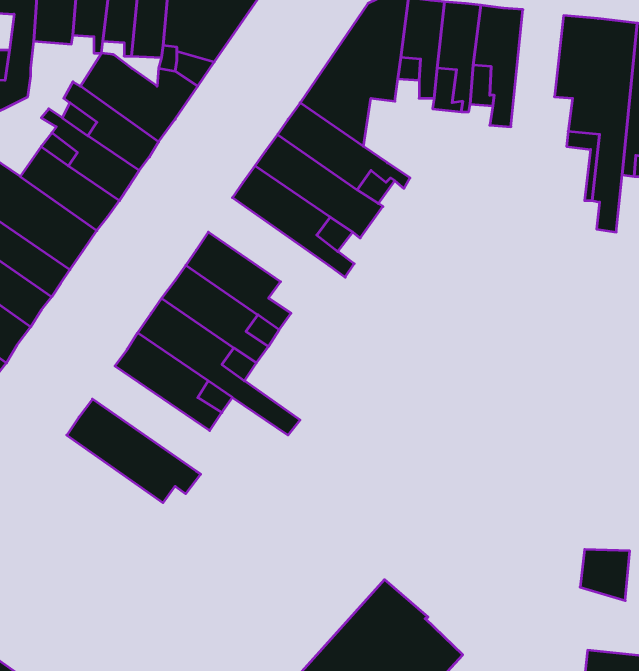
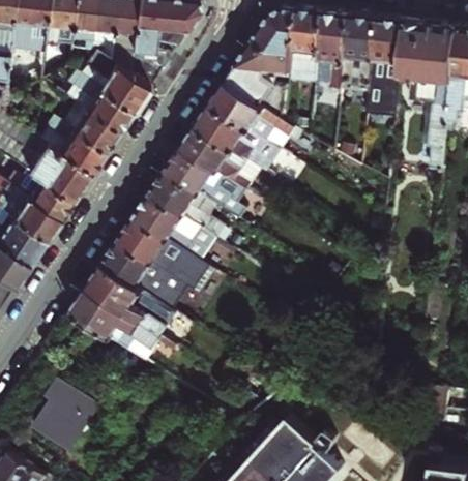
building: none -> [374,19,411,116]
building: none -> [167,148,250,222]
building: none -> [87,264,170,336]
building: none -> [30,350,97,452]

